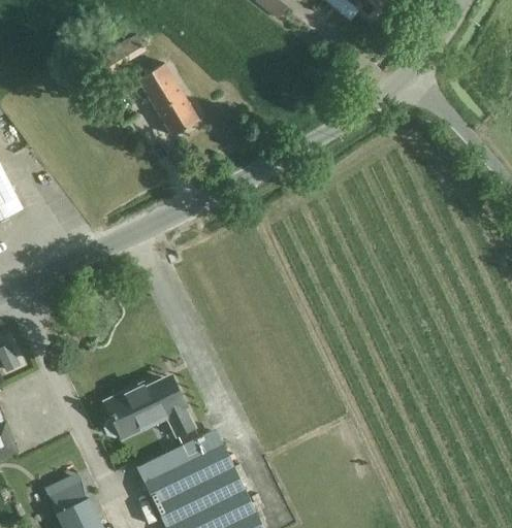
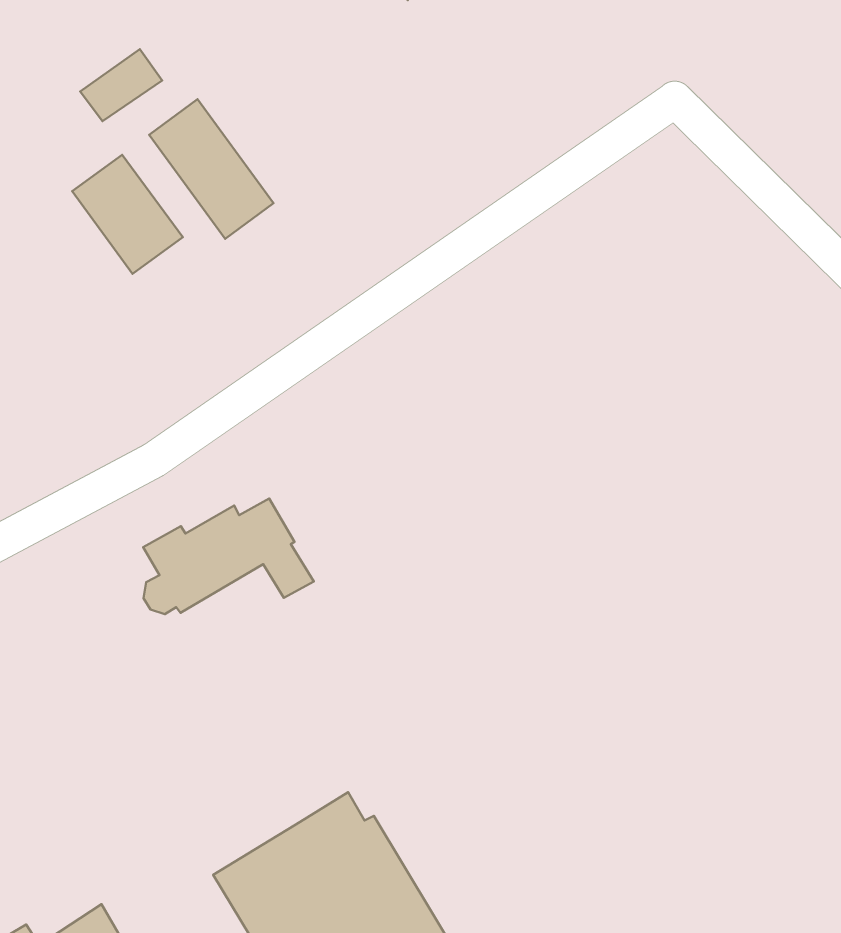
building: none -> [72,155,183,274]
building: [103,381,193,436] -> [143,499,314,614]

